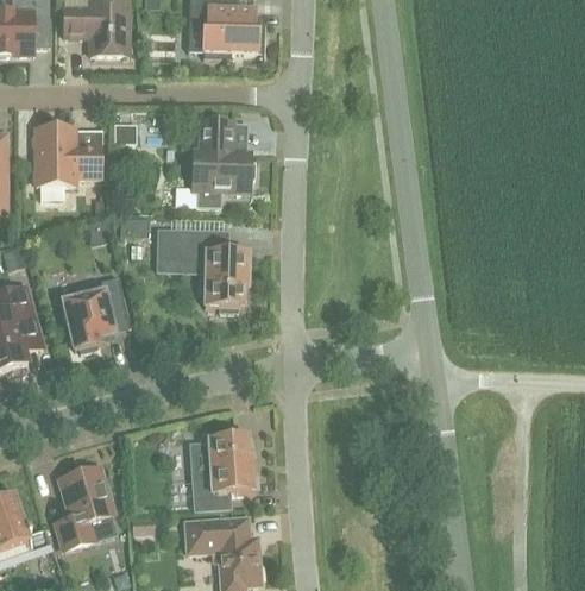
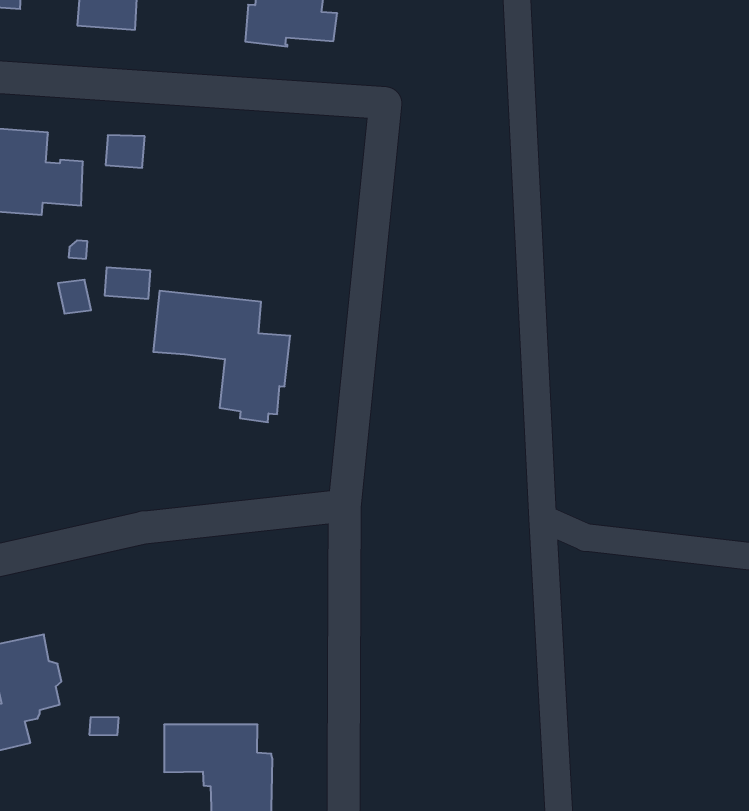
building: [193,119,254,205] -> none
building: [63,275,126,350] -> none
building: [190,430,254,509] -> none

